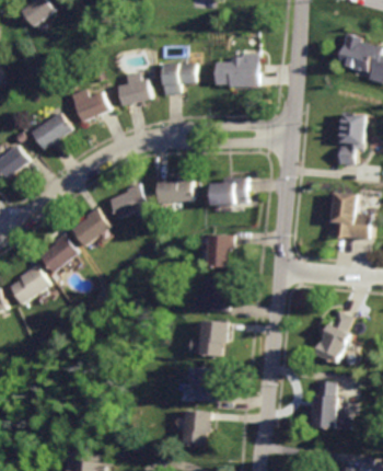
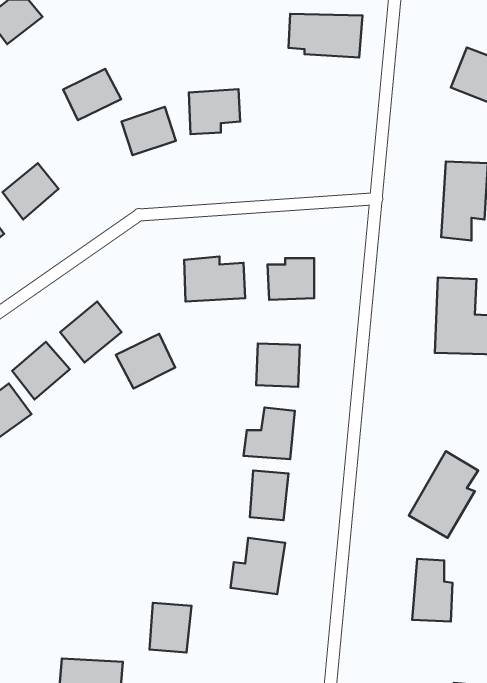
building: [209,60,259,90] -> [288,14,362,57]
building: [70,88,109,123] -> [63,69,121,120]
building: [107,184,148,221] -> [116,334,175,388]
building: [187,411,216,445] -> [150,603,191,653]

